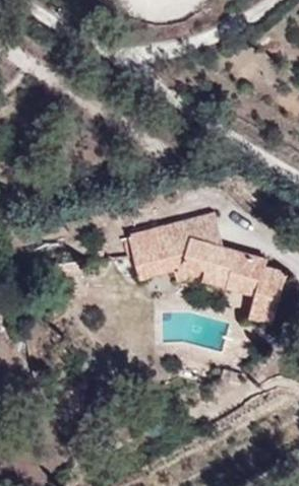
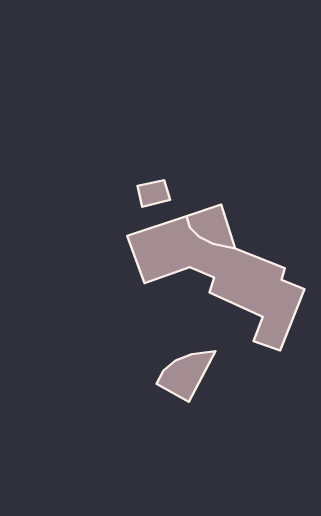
building: none -> [157,351,216,402]

